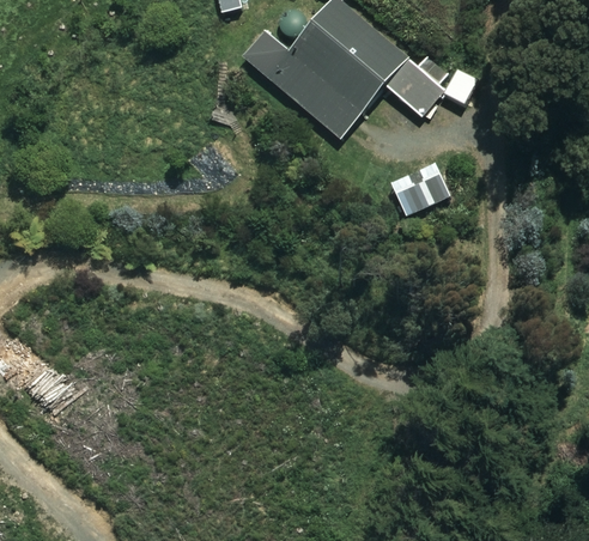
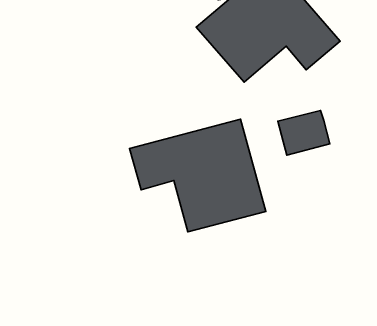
building: none -> [129,119,266,232]

